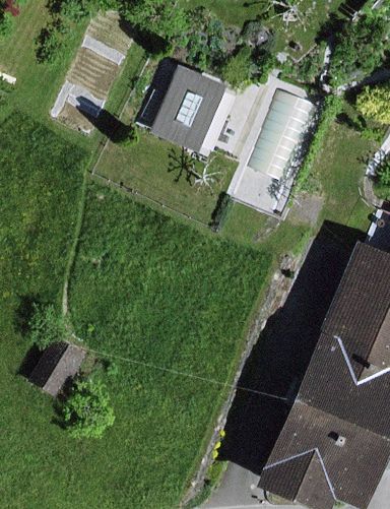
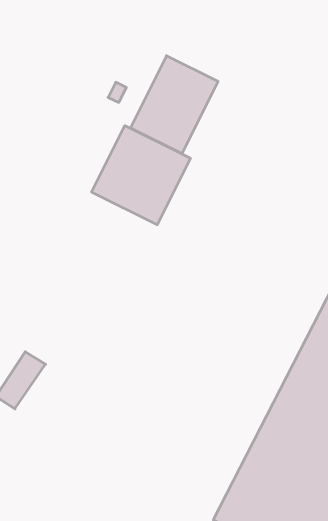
building: none -> [92,126,190,225]

